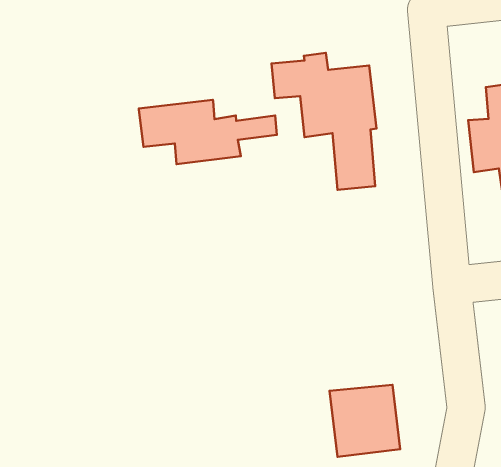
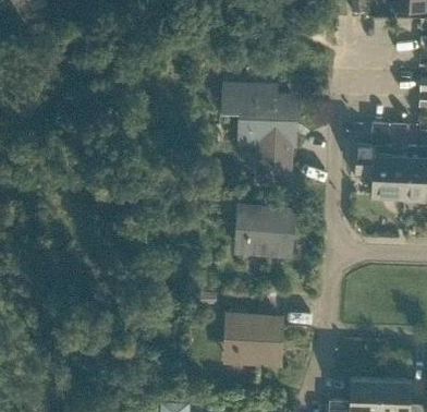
building: [139,100,277,164] -> none
building: none -> [245,207,293,256]

